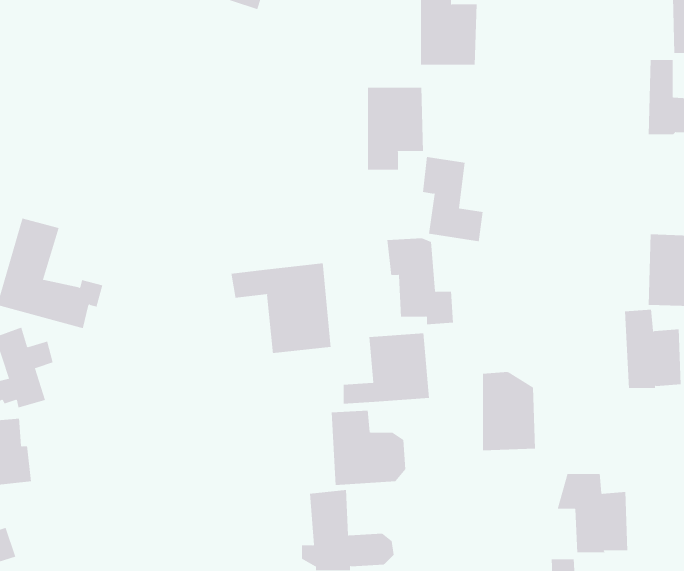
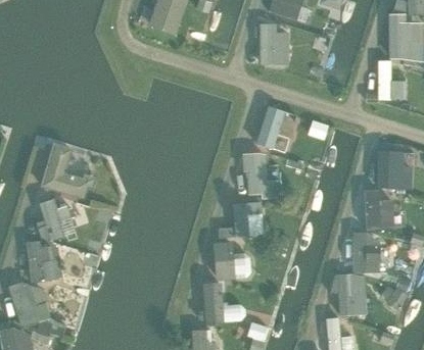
building: [367,87,424,171] -> none
building: [231,262,331,354] -> none
building: [482,372,536,451] -> [352,232,380,272]

